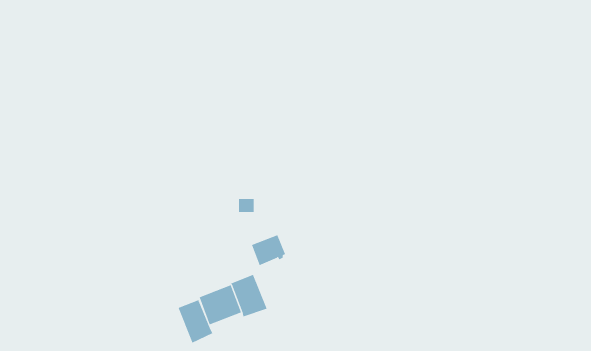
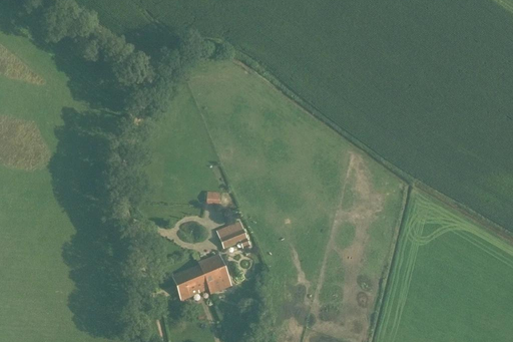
building: [178,299,213,344] -> none

